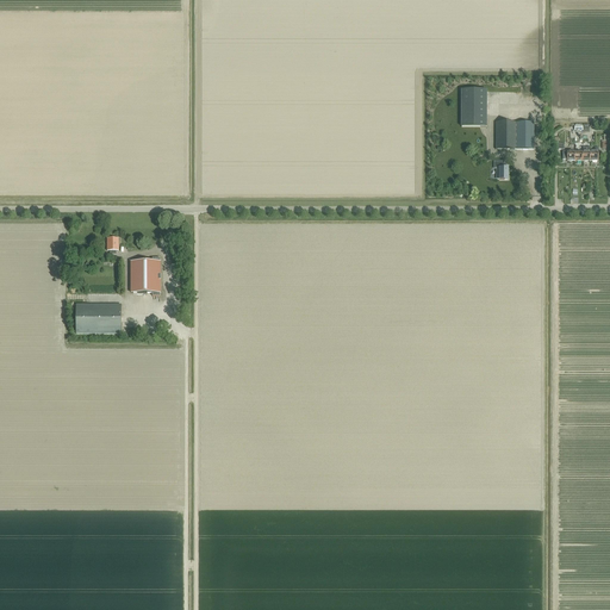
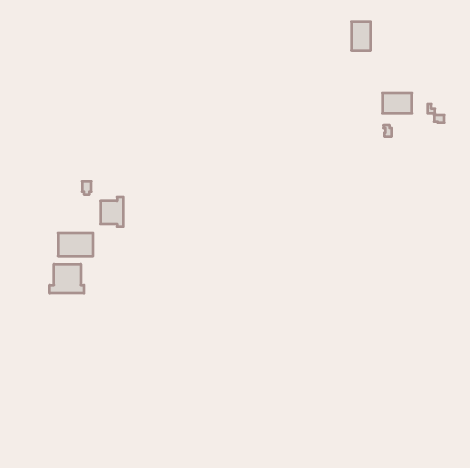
building: [460,87,485,124] -> [351,22,371,50]
building: none -> [50,264,84,293]

